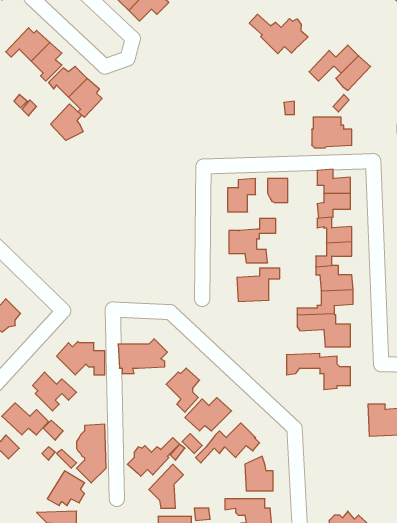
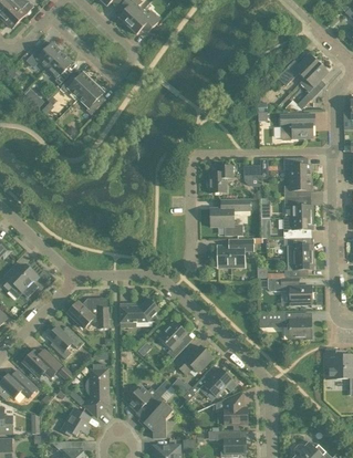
building: [249,14,308,54] -> none
building: [51,104,83,140] -> none

